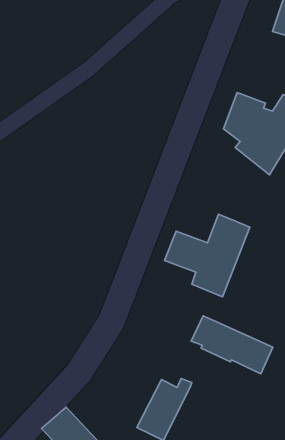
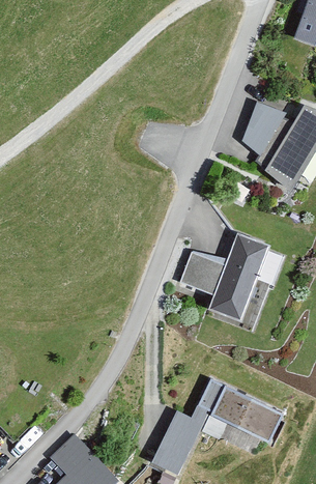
building: [191,316,273,374] -> [198,380,284,442]

